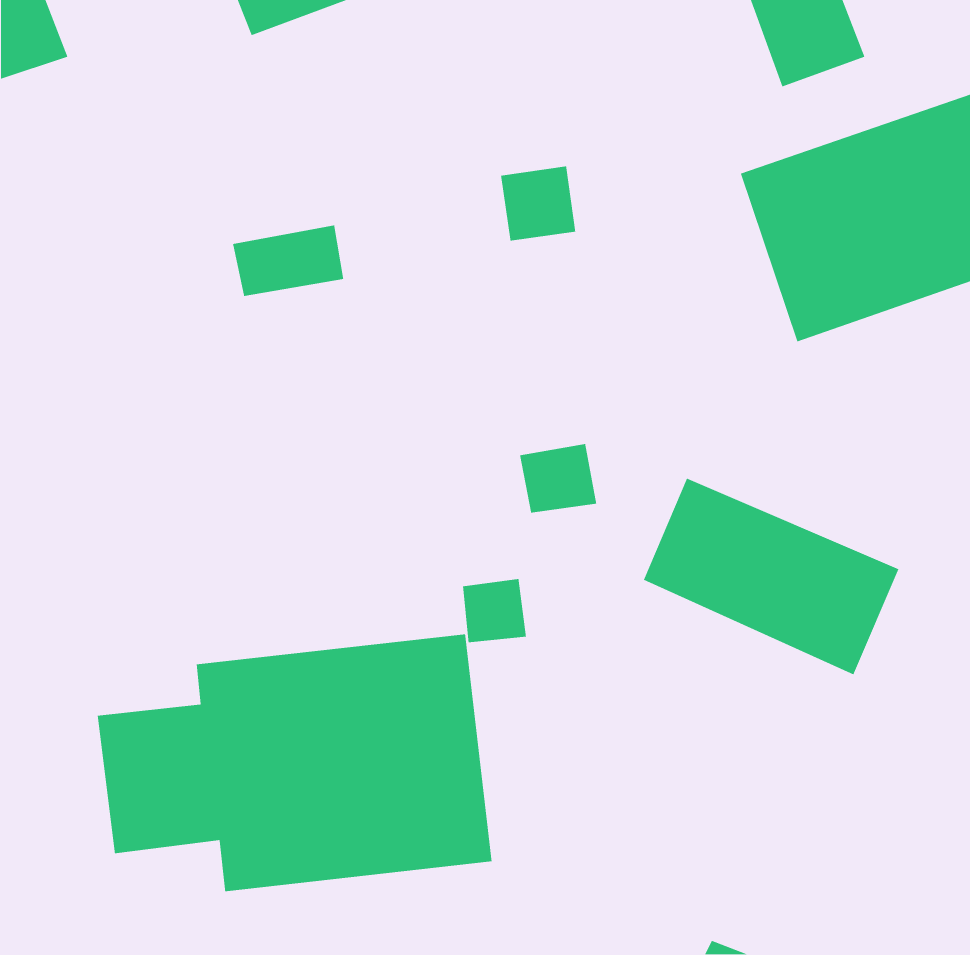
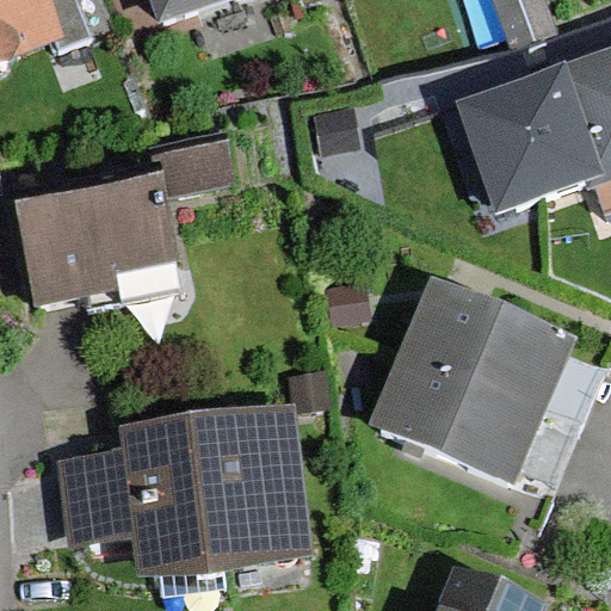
building: none -> [8,179,161,314]
building: none -> [376,364,537,486]

